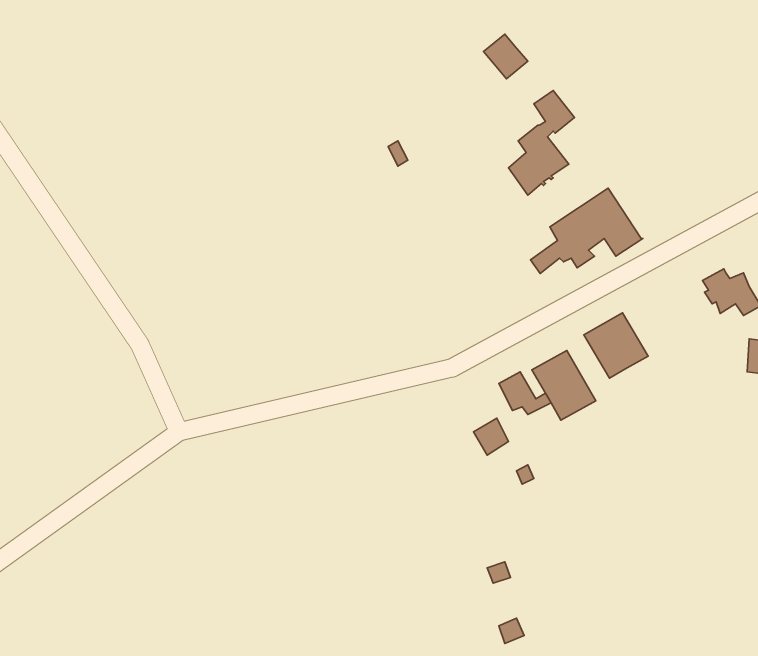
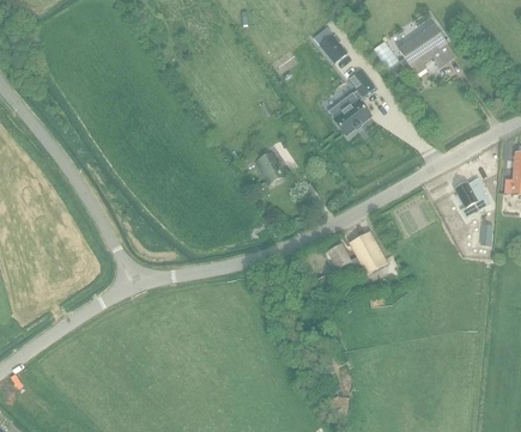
building: [530,188,643,274] -> [387,24,456,77]
building: none -> [255,150,286,183]
building: [584,313,648,378] -> none

